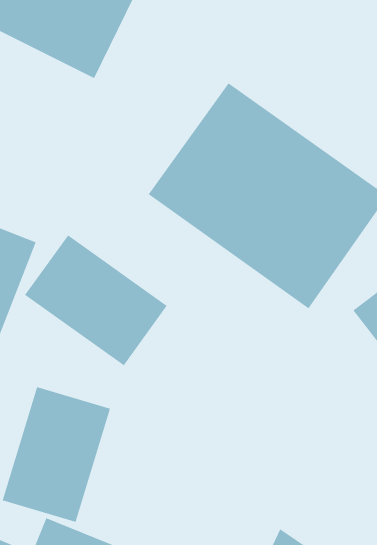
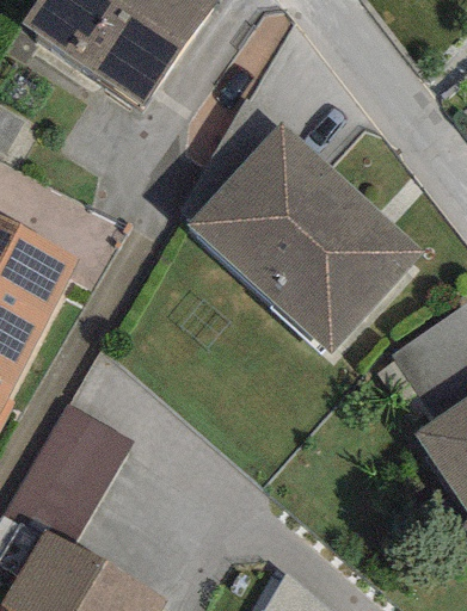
building: [24,235,167,366] -> none

